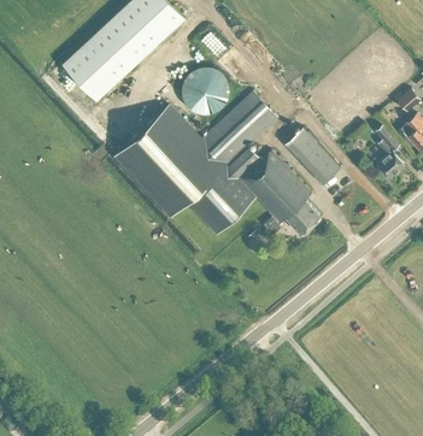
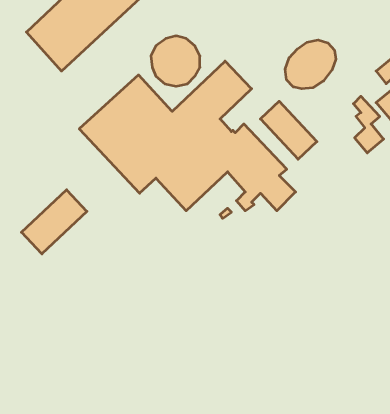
building: none -> [285,40,336,89]
building: none -> [21,190,87,254]

